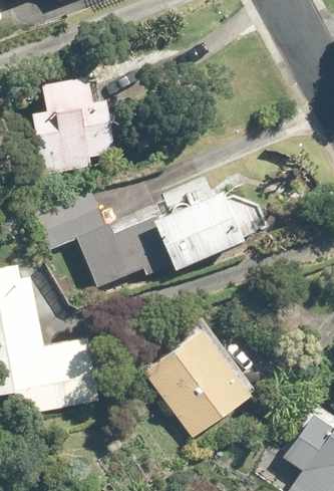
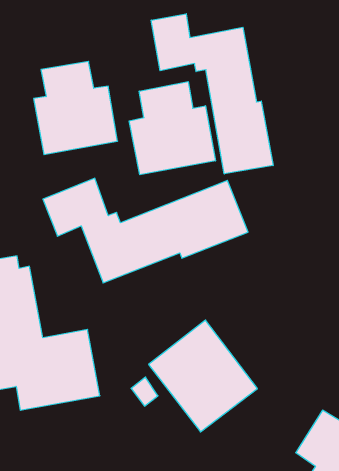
building: none -> [151,14,273,174]
building: none -> [129,82,215,175]

